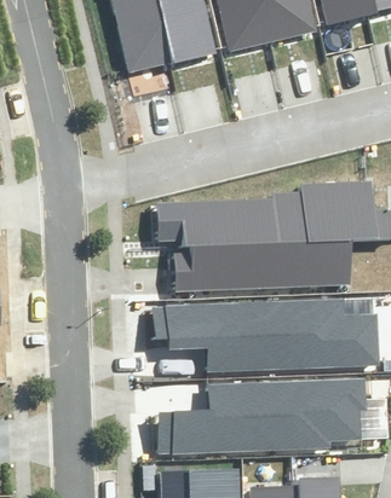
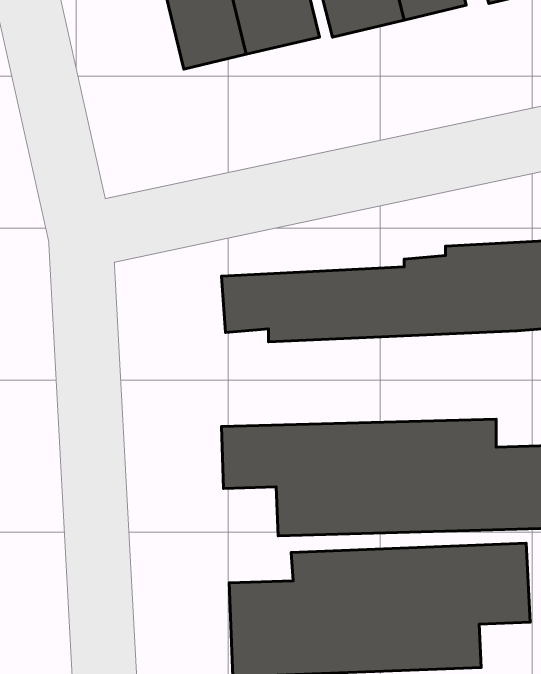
building: [173,238,347,289] -> none

